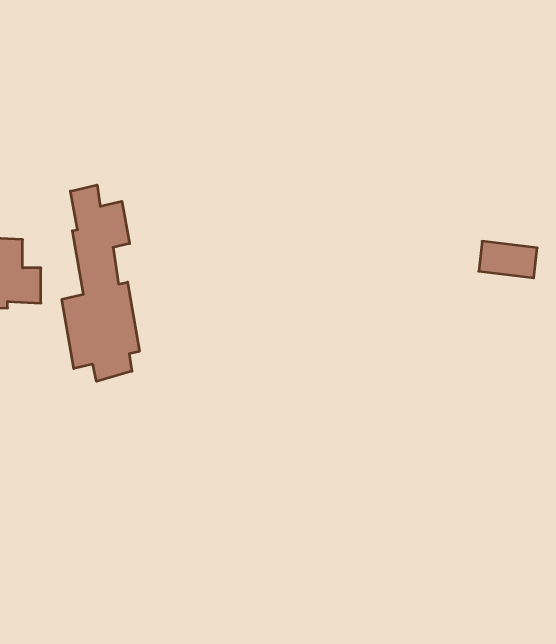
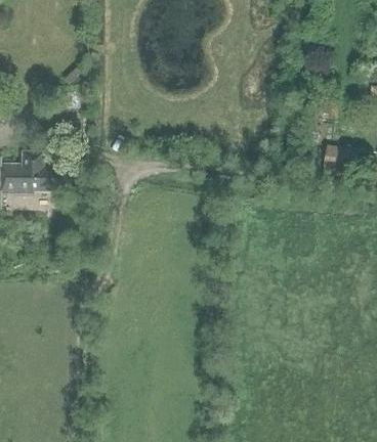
building: [62,185,139,381] -> none

